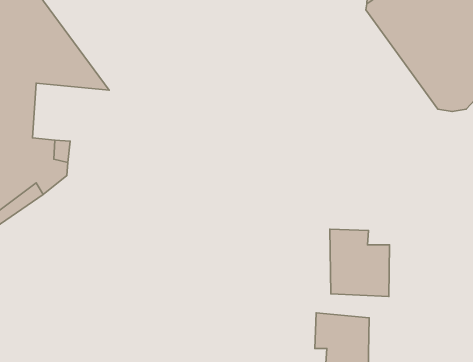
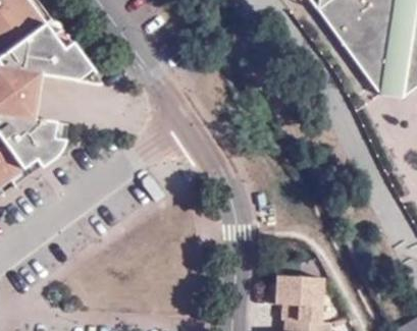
building: [330,229,389,296] -> none

